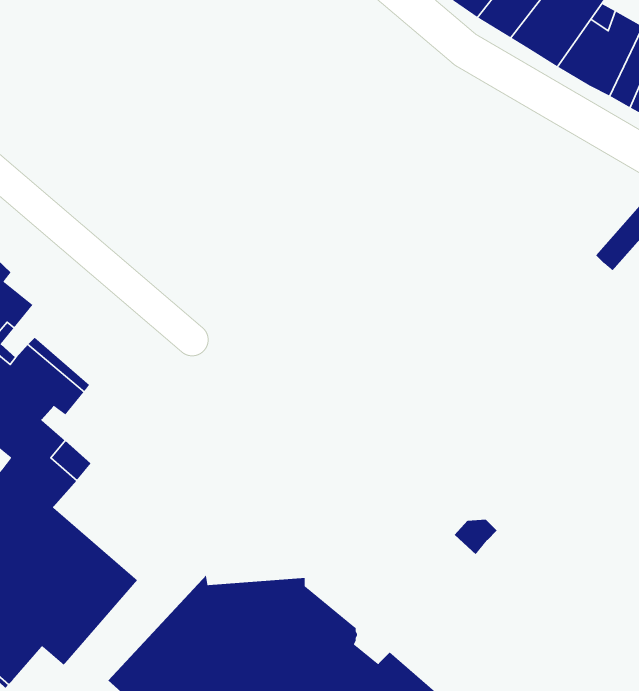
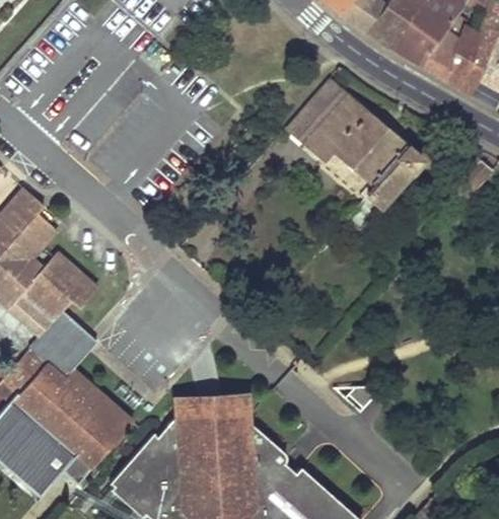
building: none -> [288,80,422,229]
building: none -> [176,394,246,424]

